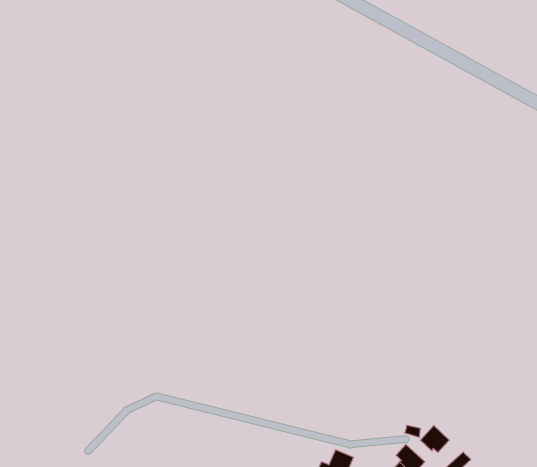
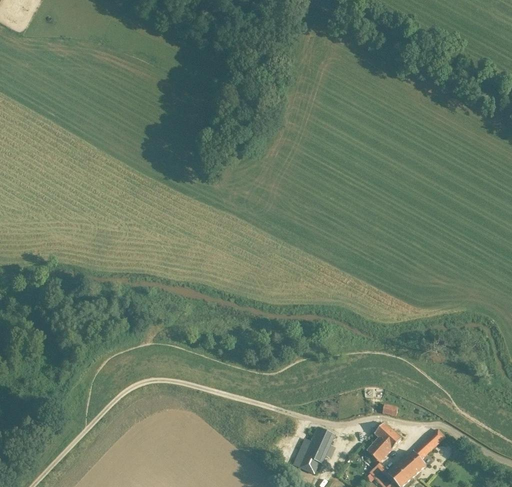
building: [420,426,449,452] -> none

